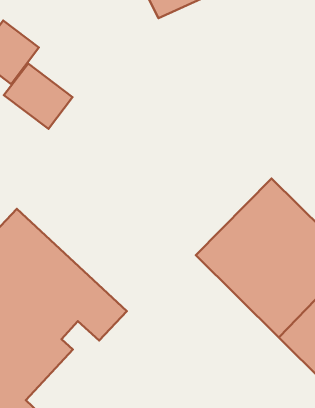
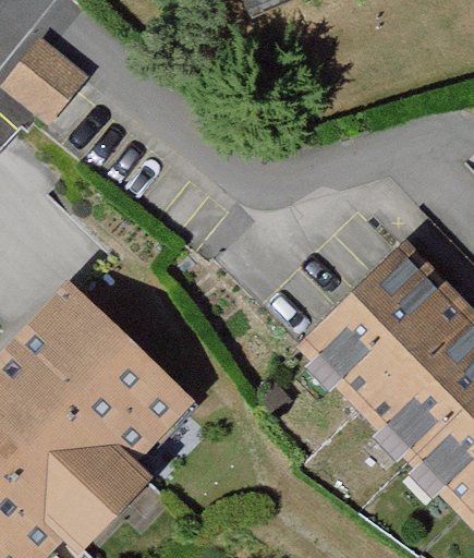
building: [4,63,73,129] -> none

